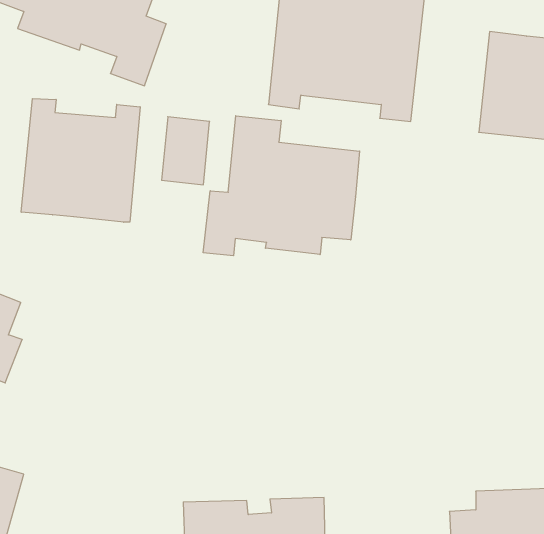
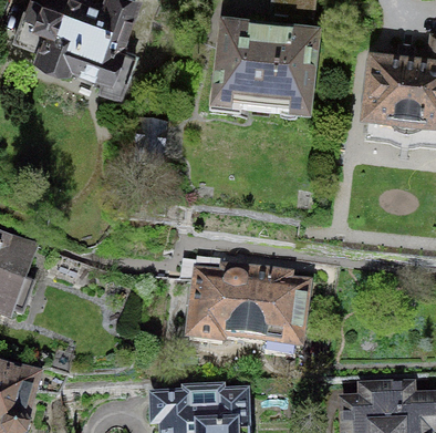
building: [21,99,140,222] -> none
building: [203,116,360,256] -> none
building: none -> [185,262,313,351]

